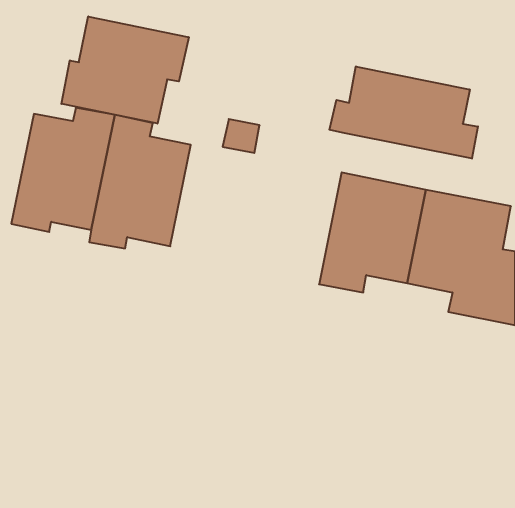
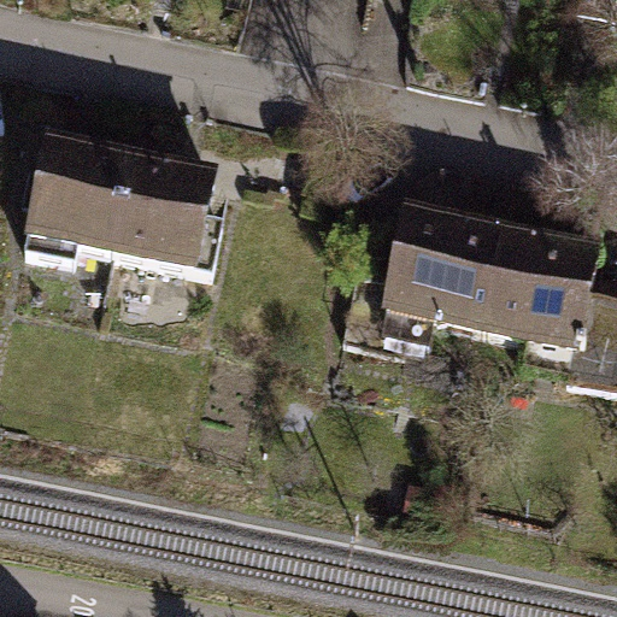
building: [61,16,189,124] -> none
building: [329,66,478,159] -> none

